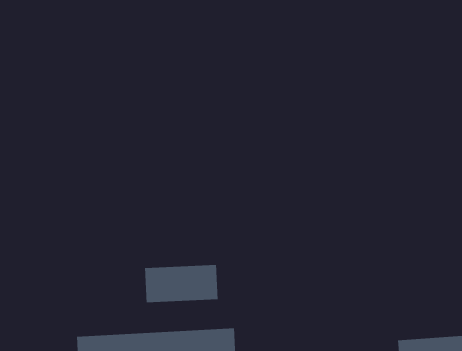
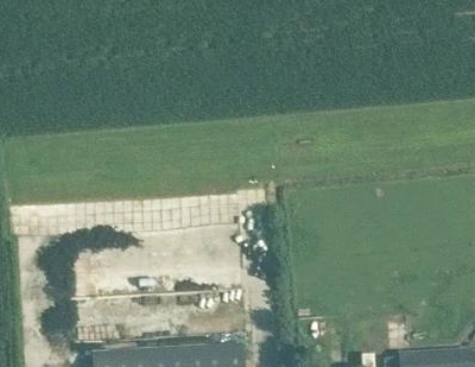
building: [145,264,218,303] -> none

